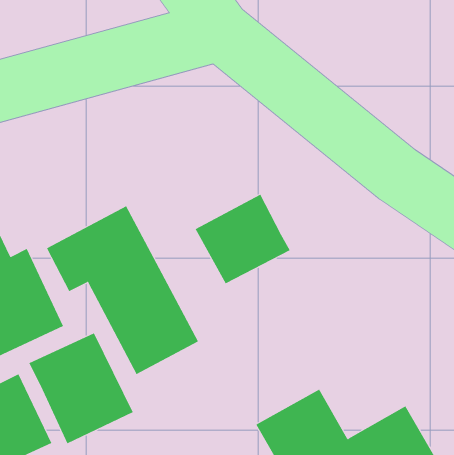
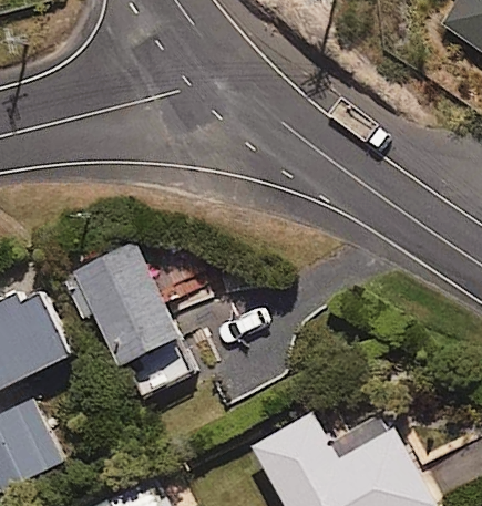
building: [195,194,291,284] -> none
building: [29,332,134,444] -> none

